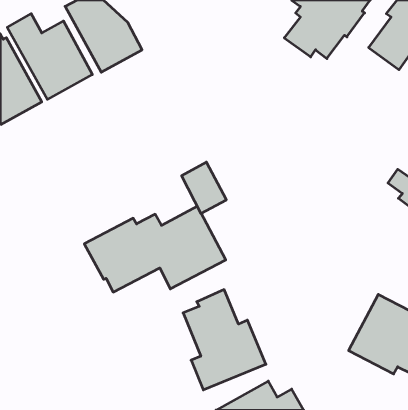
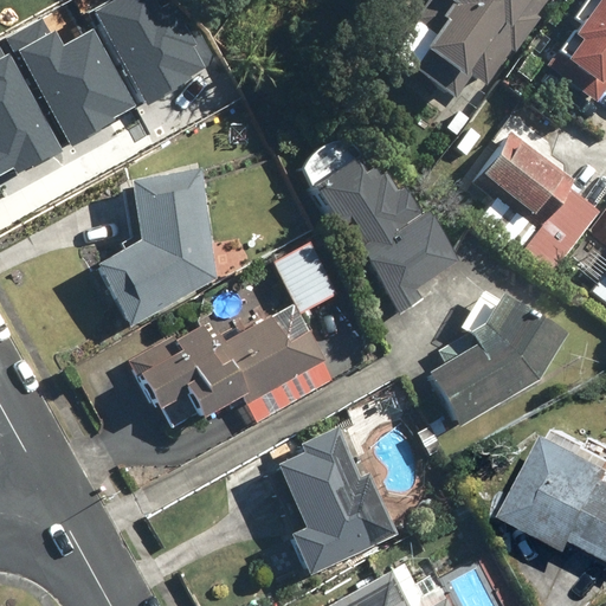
building: none -> [473,129,597,277]
building: none -> [308,162,453,312]
building: none -> [92,166,223,328]
building: none -> [421,291,566,427]

